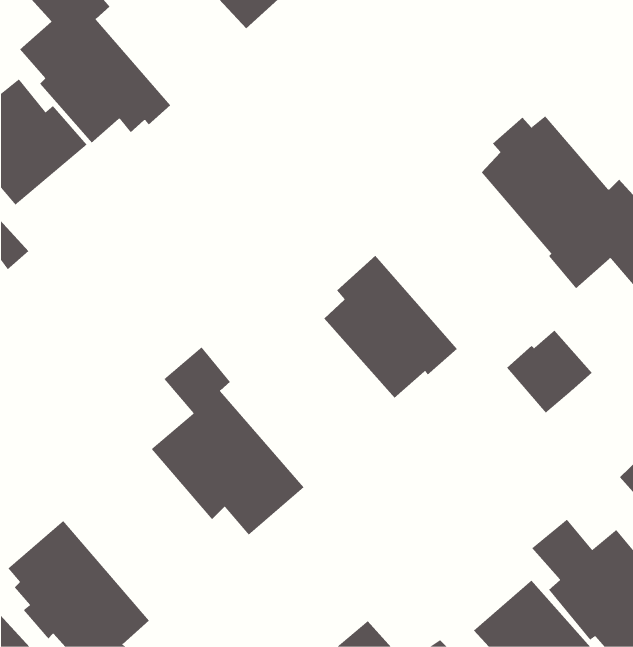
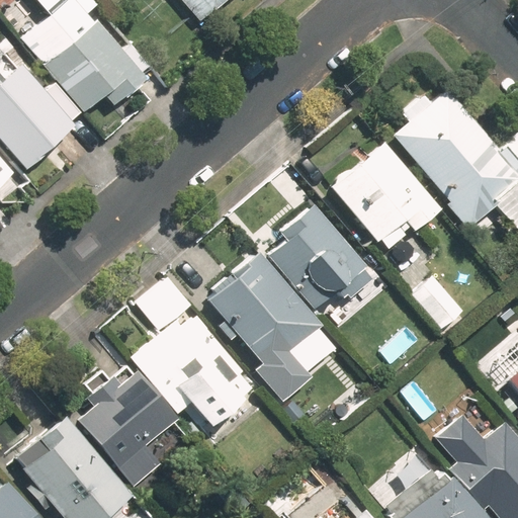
building: none -> [332,141,441,242]
building: none -> [206,253,322,402]
building: none -> [81,371,179,486]

